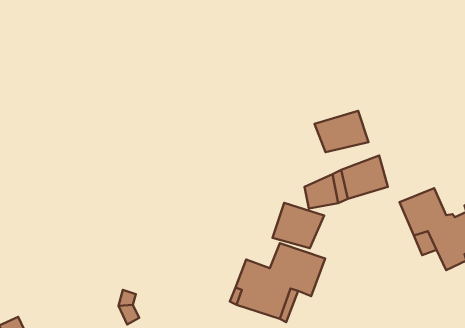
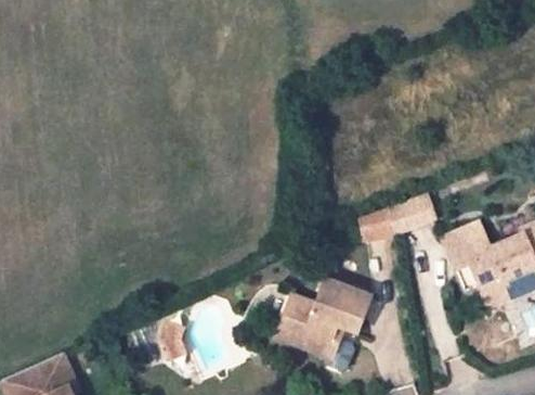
building: [315,111,368,152] -> none
building: [272,203,324,248] -> none

